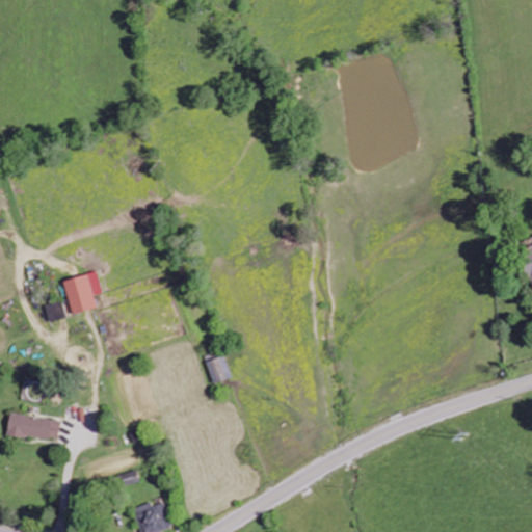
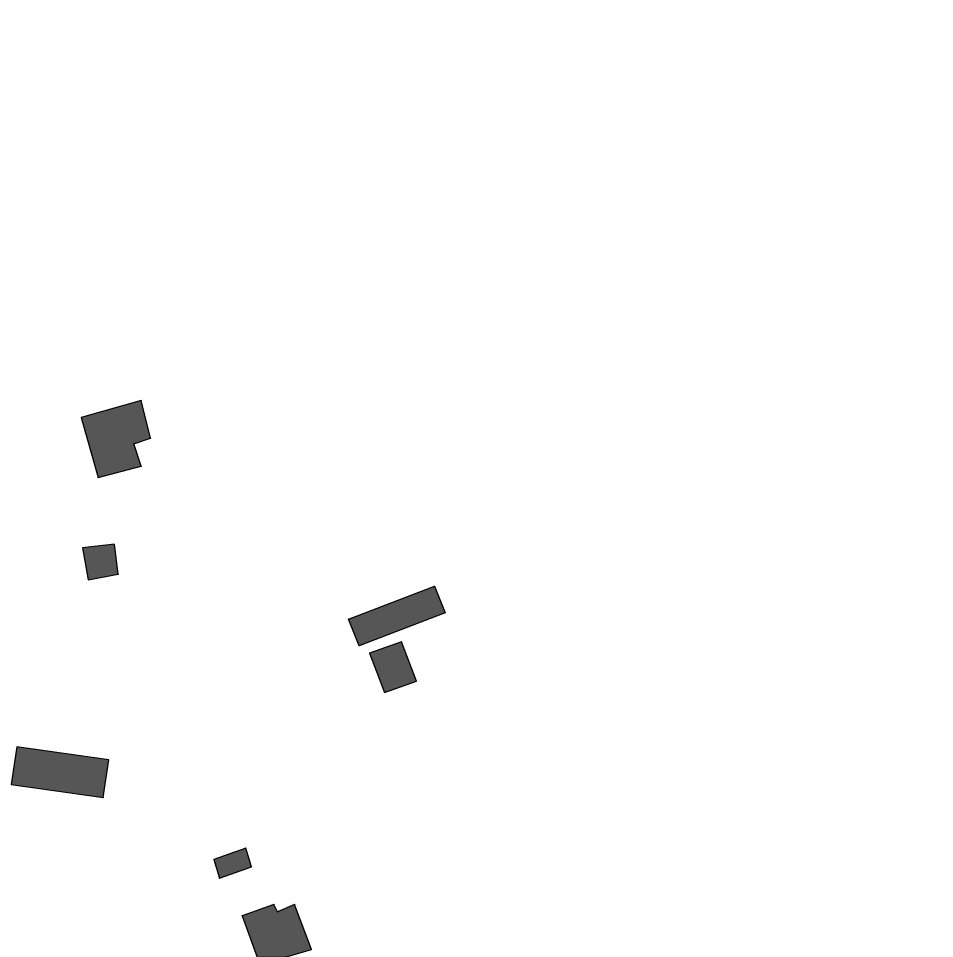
building: [63,271,102,314] -> [81,401,151,478]
building: none -> [349,586,445,646]

